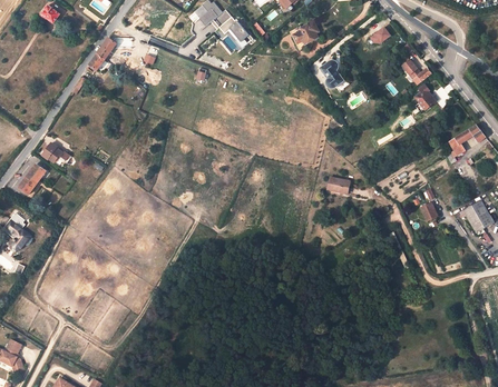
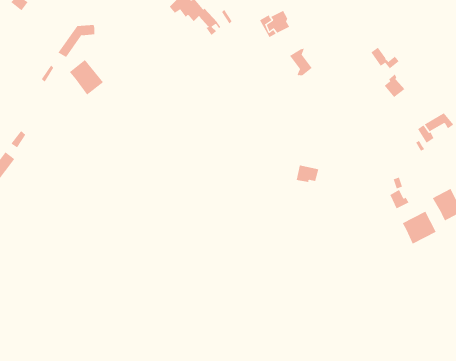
building: none -> [69,59,104,95]
building: none -> [401,211,437,245]

